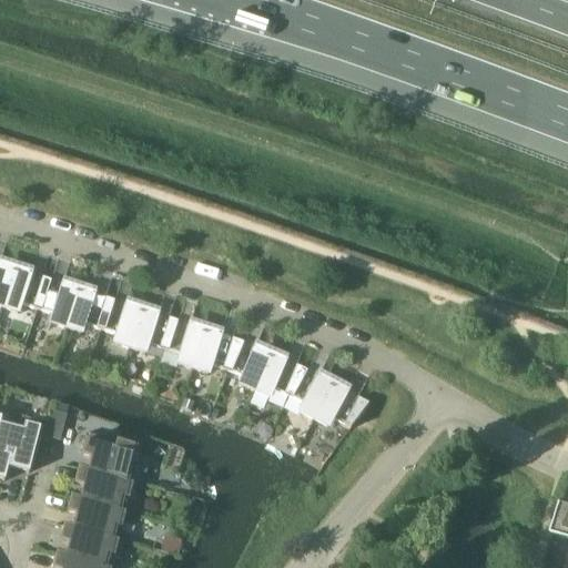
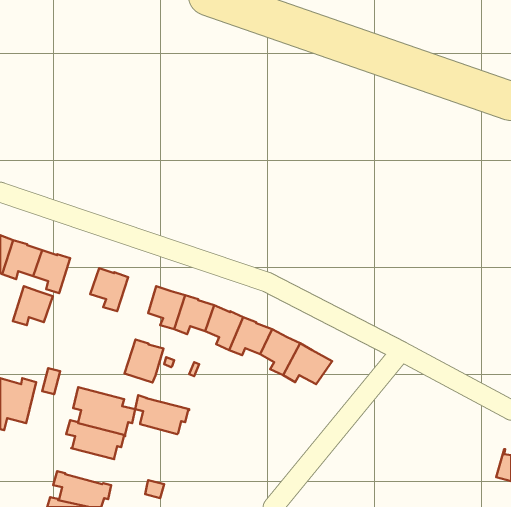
building: [65,286,110,329] -> [13,286,53,325]
building: [130,307,173,355] -> [125,340,164,383]
building: [67,494,126,537] -> [135,395,189,434]

